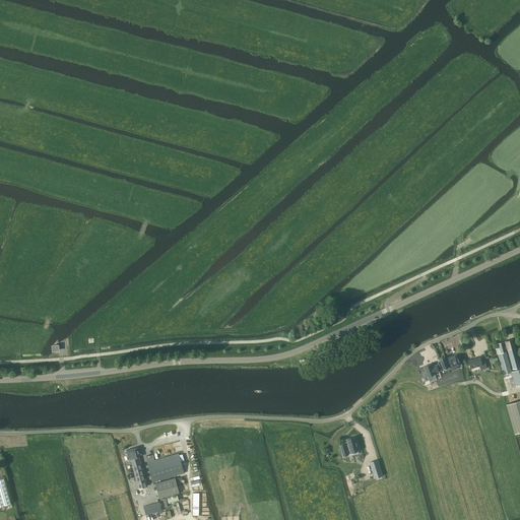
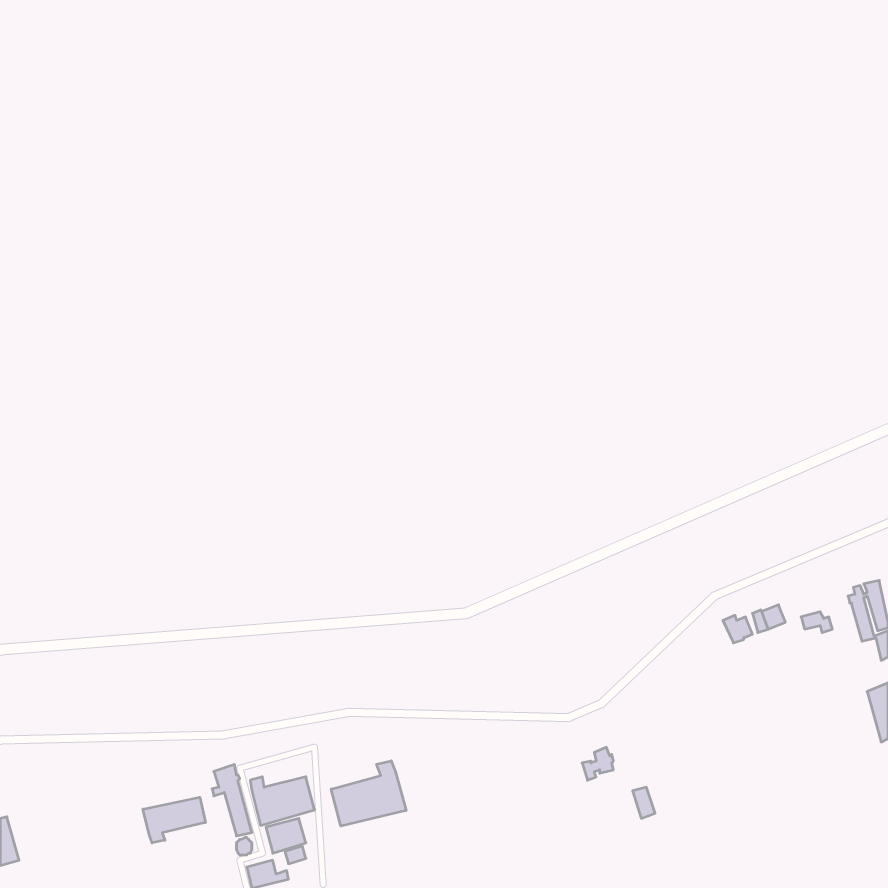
building: none -> [331,761,406,826]
building: none -> [143,797,205,843]

